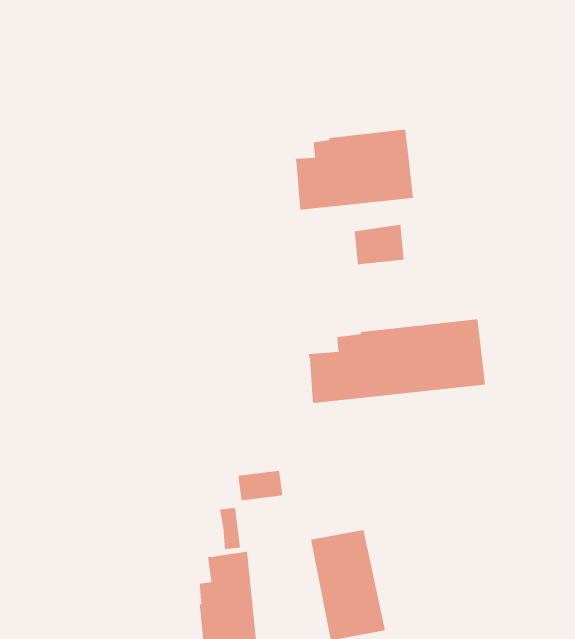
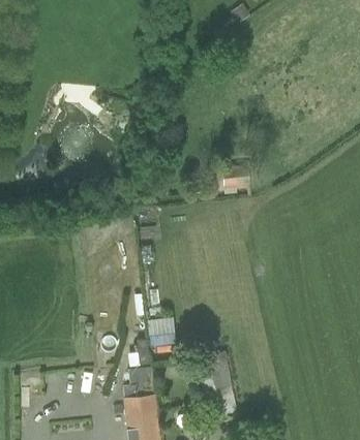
building: [295,129,413,211] -> none
building: [308,318,485,404] -> none

